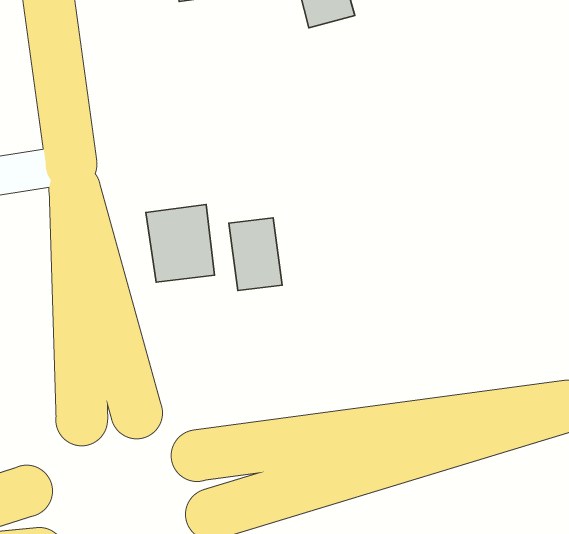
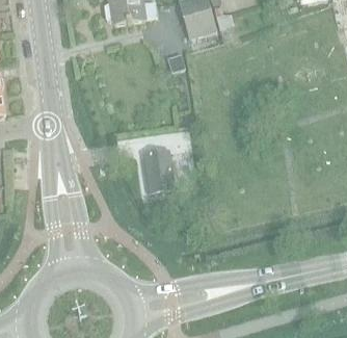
building: [146,204,215,282] -> none

